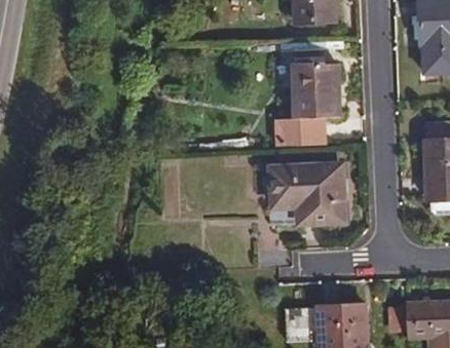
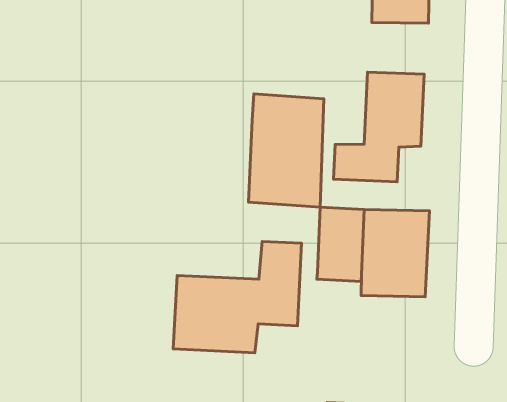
building: none -> [248,94,324,207]
building: none -> [173,241,301,353]

